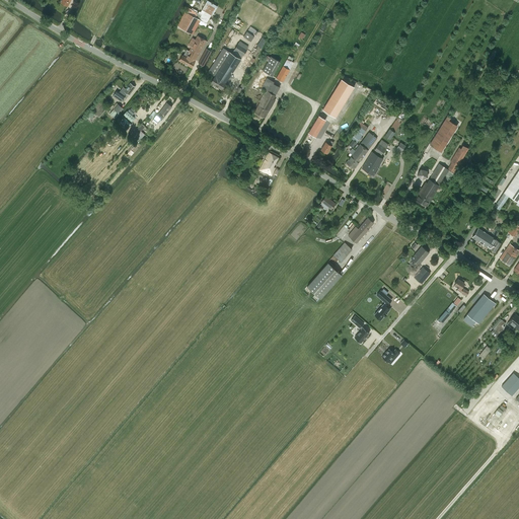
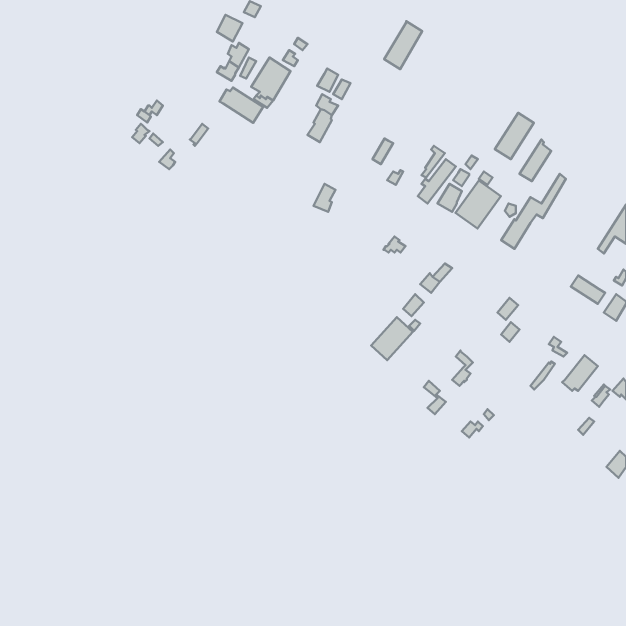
building: none -> [220,88,263,123]
building: [322,78,354,118] -> [384,21,422,69]
building: none -> [495,113,534,159]
building: none -> [455,180,501,229]

